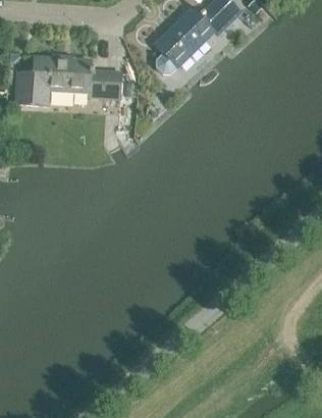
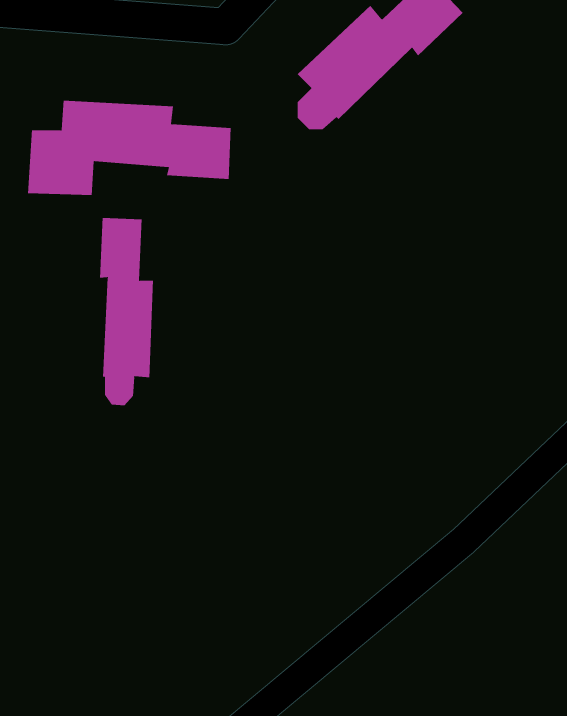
building: none -> [100,217,154,406]

